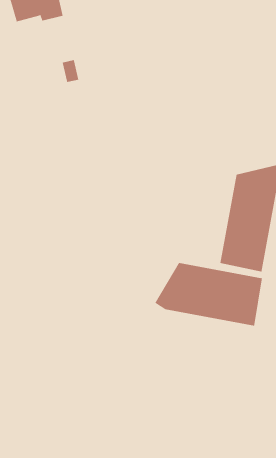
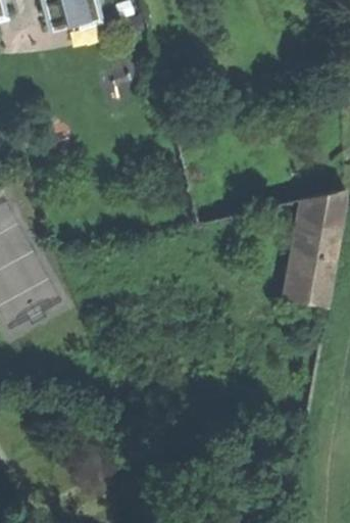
building: [154,262,262,327] -> none

